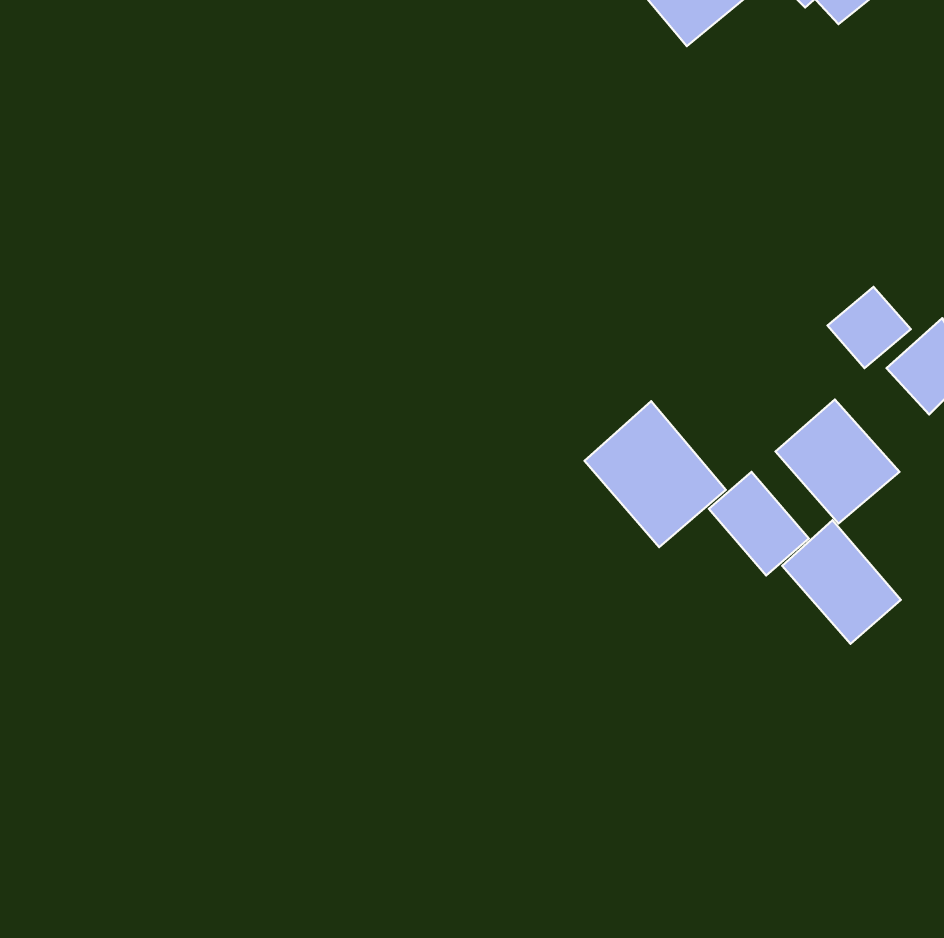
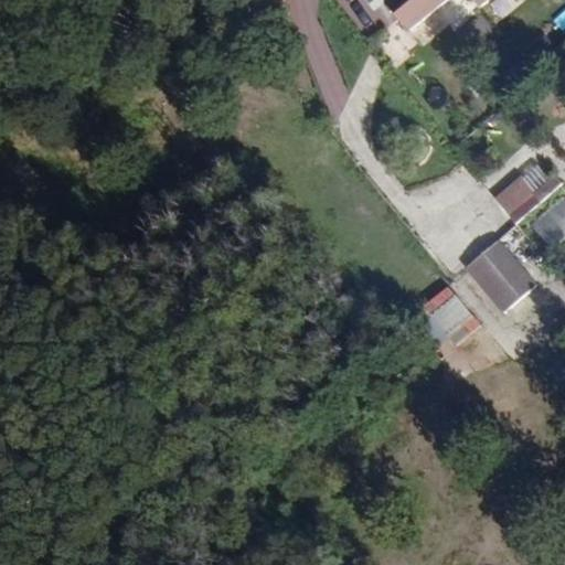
building: [584,401,726,547] -> none
building: [782,520,901,644] -> none

